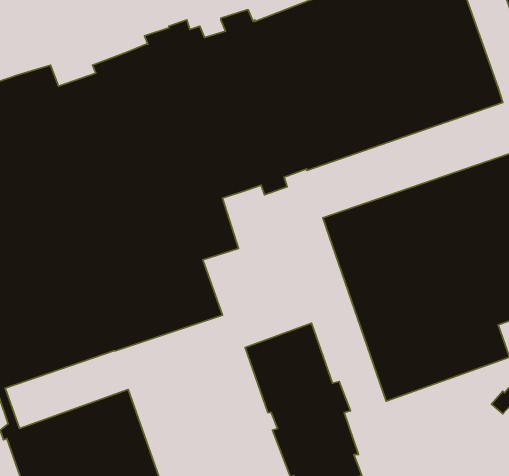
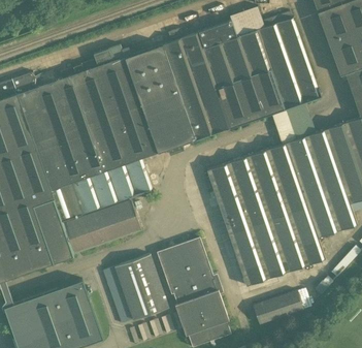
building: none -> [102,255,169,324]
building: none -> [253,290,303,325]

